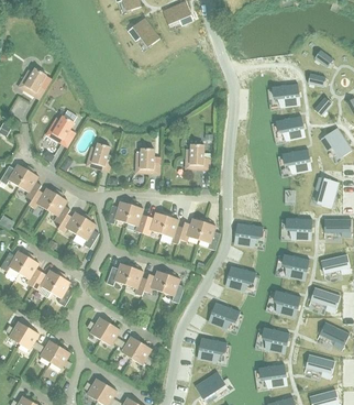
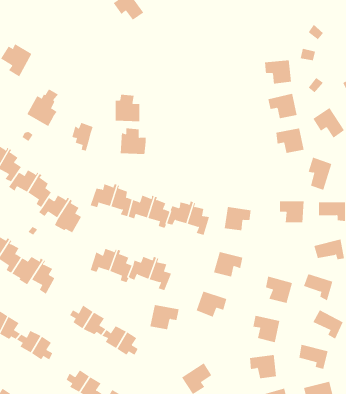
building: [186,143,210,169] -> [115,94,140,122]
building: [284,253,309,278] -> none
building: [197,337,225,361] -> [149,304,179,330]

